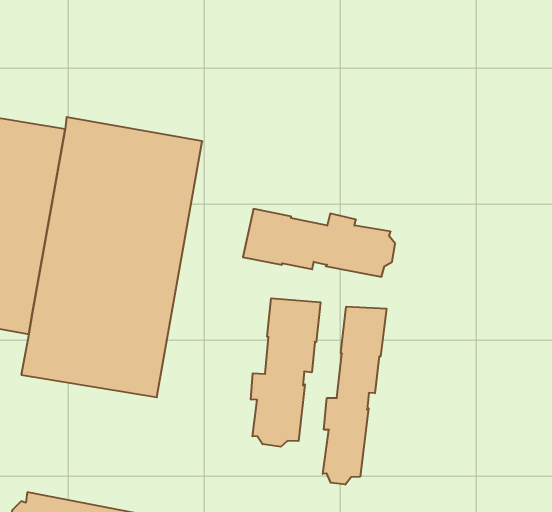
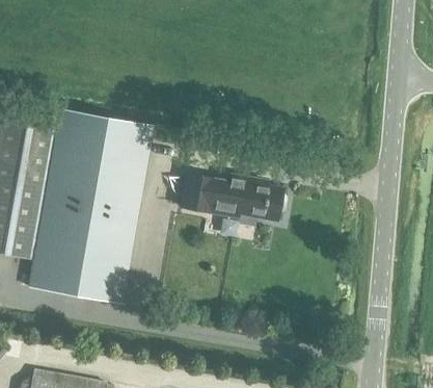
building: [251,298,321,447] -> none
building: [323,307,386,485] -> none

